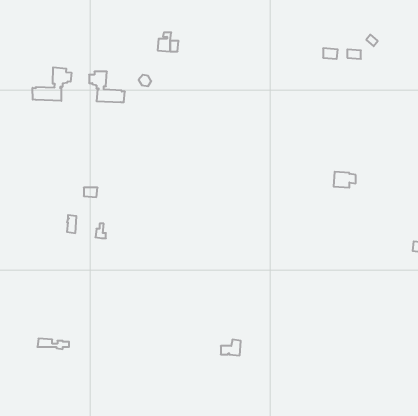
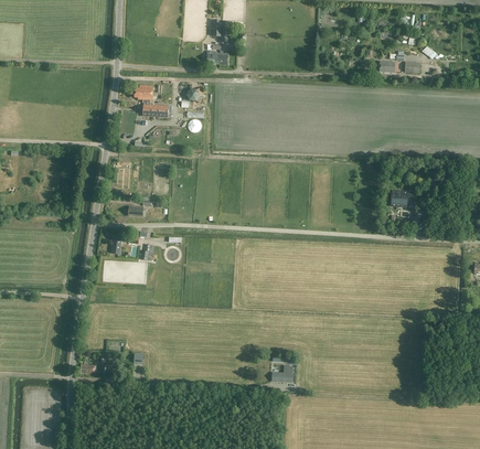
building: [33,67,71,101] -> none

